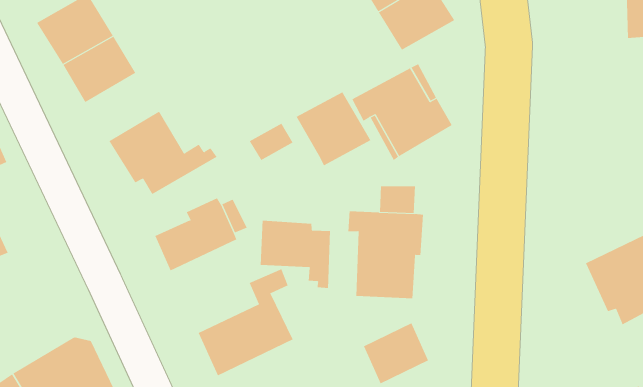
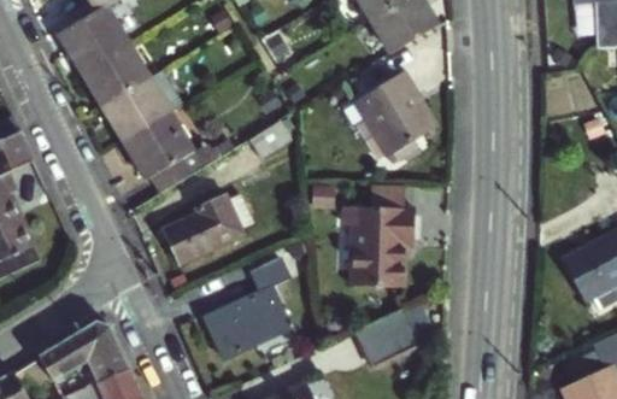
building: none -> [102,78,171,141]
building: [296,92,371,166] -> none
building: [260,220,331,289] -> none

